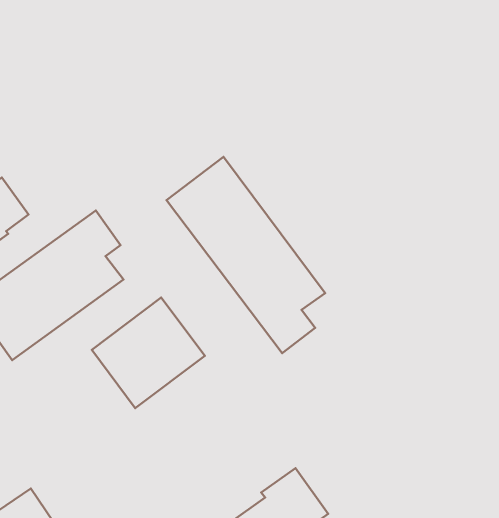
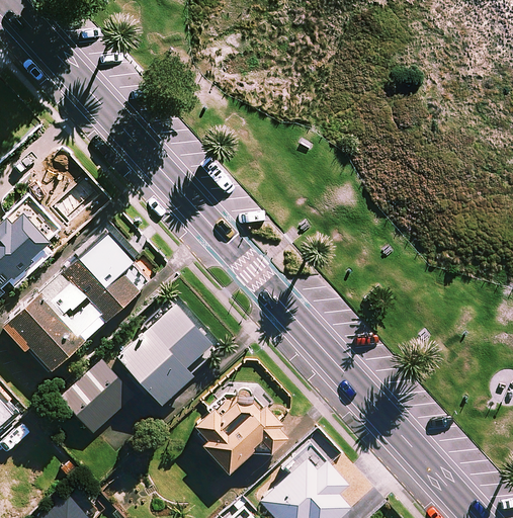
building: [167,157,325,353] -> none
building: none -> [60,362,134,435]
building: none -> [192,391,277,472]

